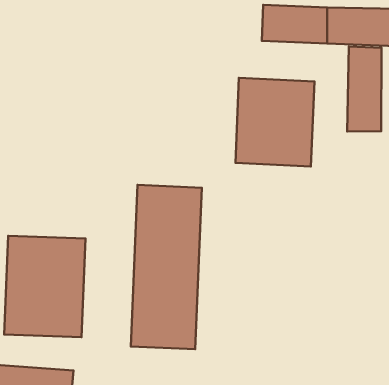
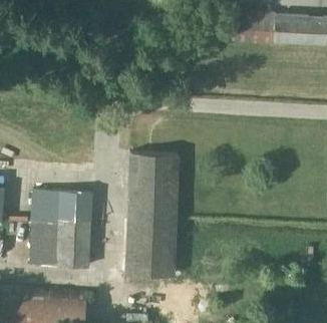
building: [347,46,381,131] -> none
building: [235,78,314,166] -> none

